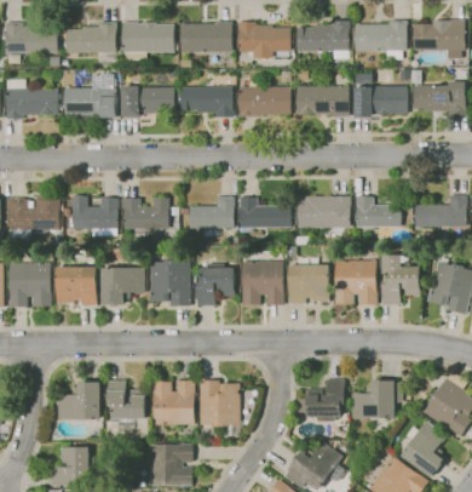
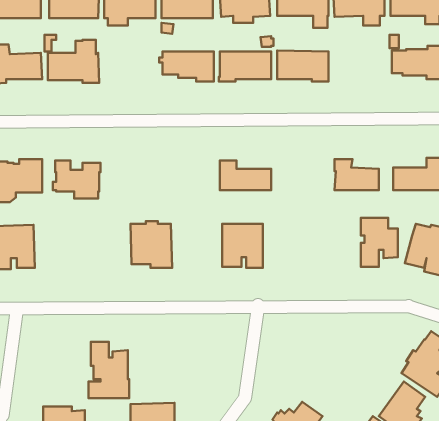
building: [353,82,407,115] -> none
building: [121,85,174,115] -> none
building: [297,195,350,227] -> none
building: [188,196,234,228] -> none
building: [120,198,167,228] -> none
building: [334,259,375,304] -> none
building: [194,262,234,305] -> none
building: [288,264,328,303] -> none
building: [56,267,96,304] -> none
building: [100,267,144,305] -> none
building: [198,378,240,435] -> none
building: [306,378,344,422] -> none
building: [350,378,402,418] -> none
building: [151,379,194,424] -> none
building: [57,381,99,419] -> none

